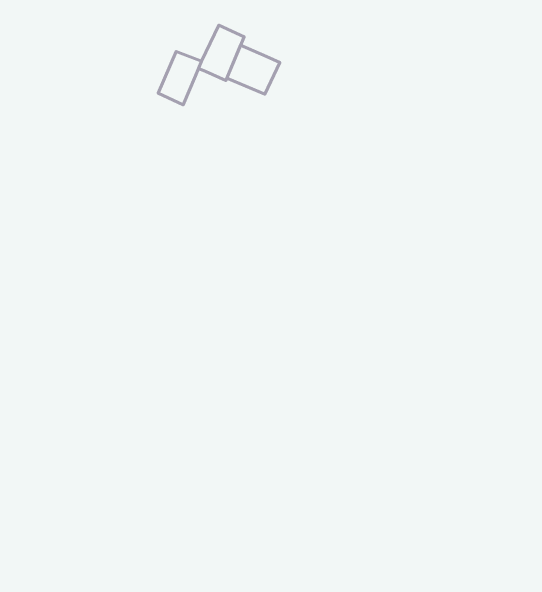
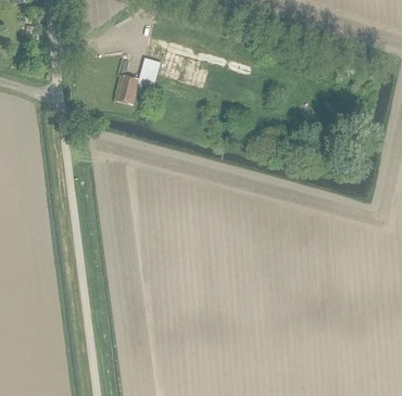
building: [227,45,280,94] -> none

